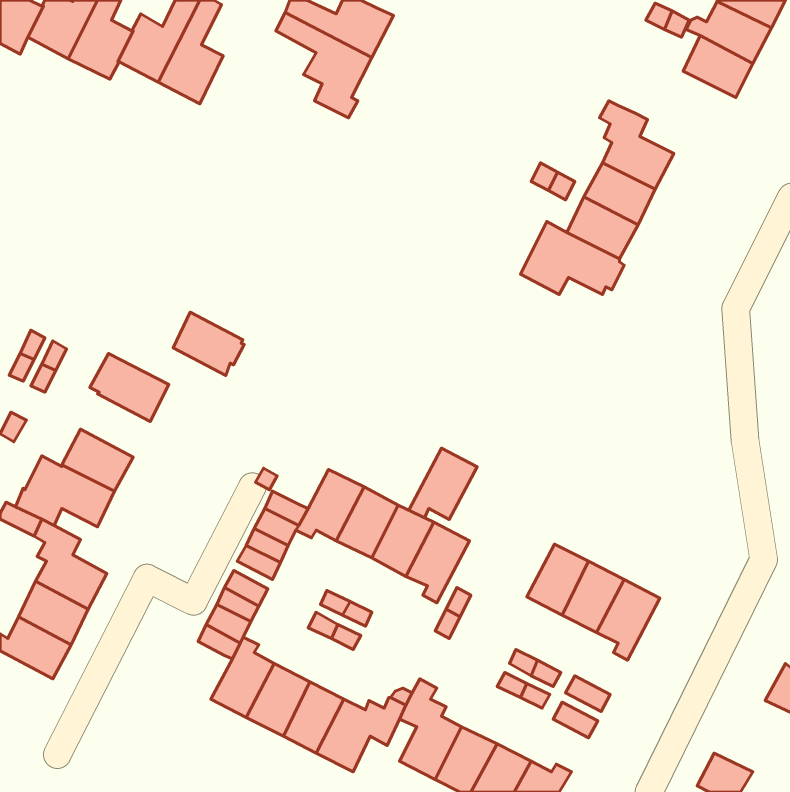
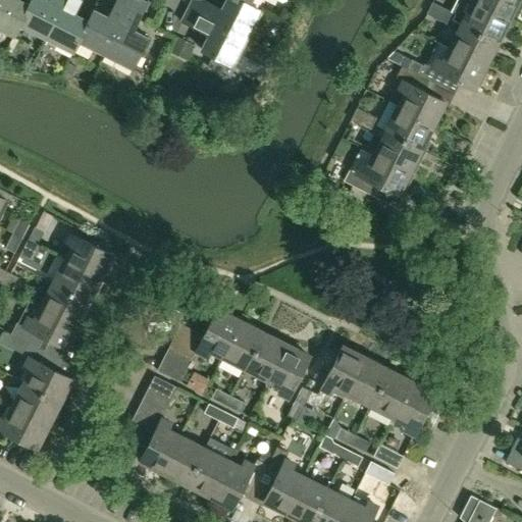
building: none -> [408,41,488,89]
building: [173,312,244,376] -> [54,259,101,301]
building: [409,448,477,519] -> [321,346,366,393]

